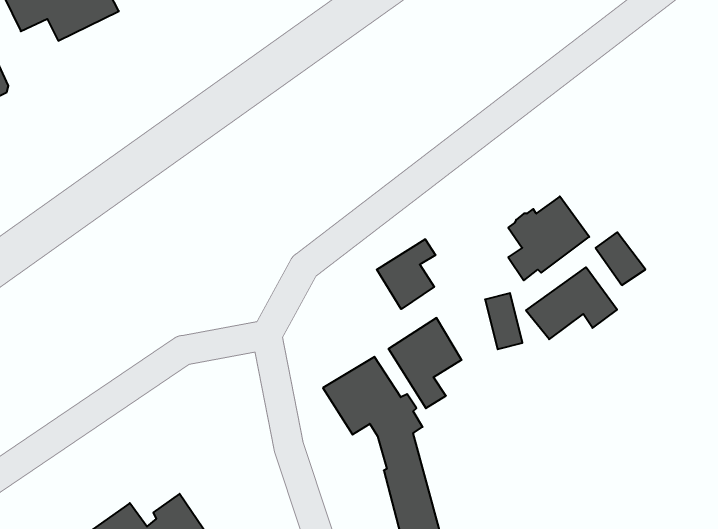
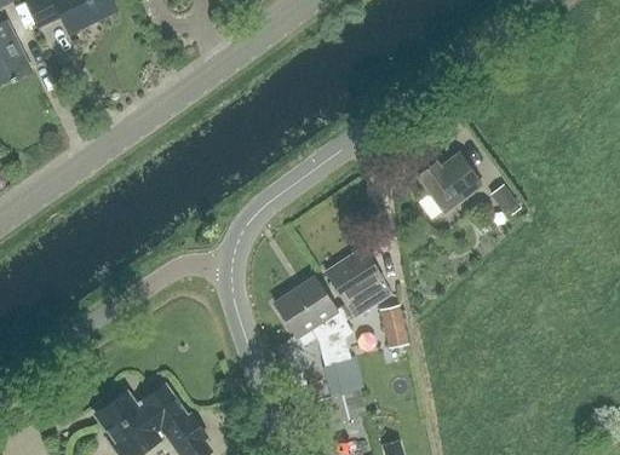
building: [377,239,435,309] -> none
building: [526,267,617,339] -> none
building: [485,293,522,349] -> [378,305,407,349]

